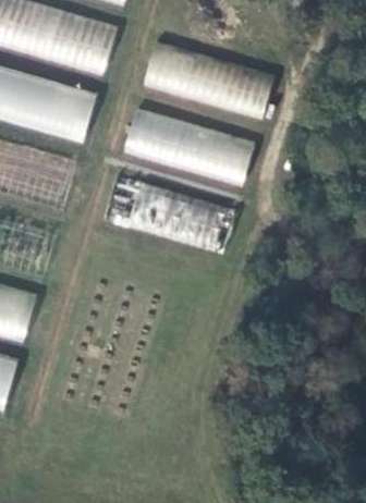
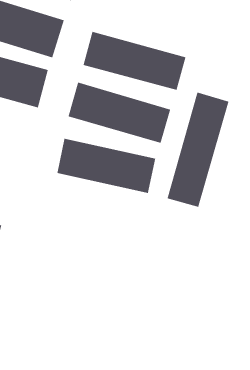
building: none -> [167,91,230,208]

